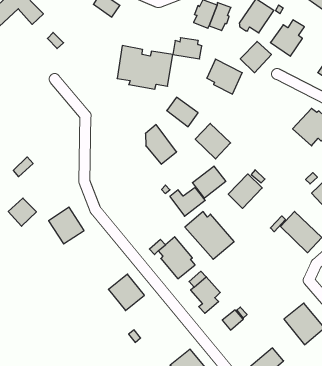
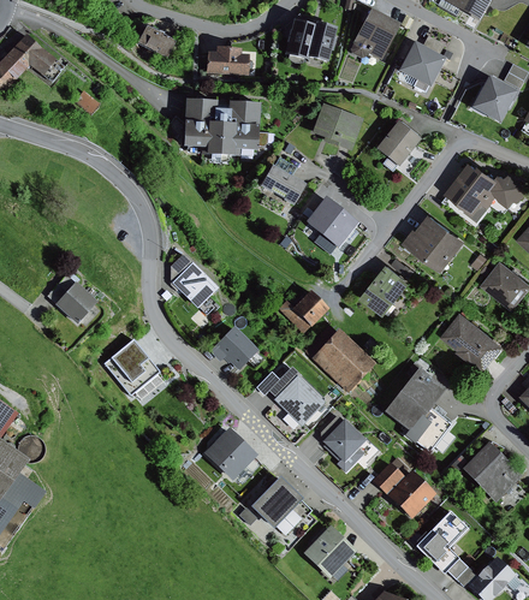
building: [173,38,202,59] -> [207,47,248,75]
building: [240,41,271,73] -> [376,121,421,167]
building: [145,125,177,164] -> [170,251,218,308]
building: none -> [403,213,465,271]
building: [192,166,226,198] -> none
building: [8,198,36,226] -> [55,283,96,323]
building: none -> [209,326,258,370]
building: none -> [385,367,453,455]
building: none -> [250,477,302,529]
building: none -> [387,470,434,517]

